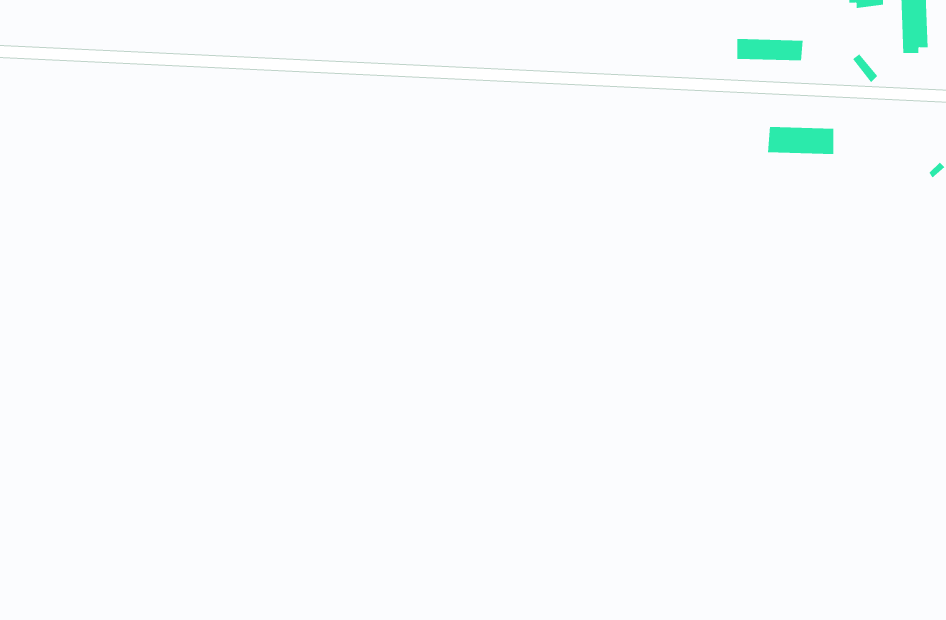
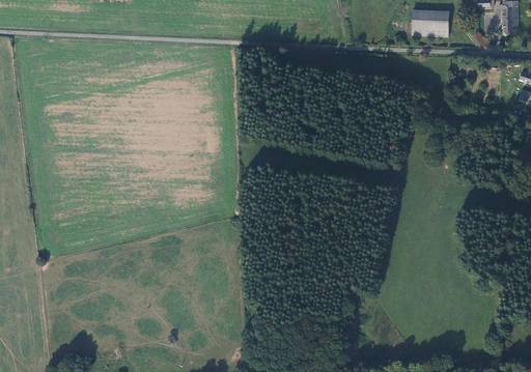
building: [767,127,834,155] -> [411,9,448,25]

